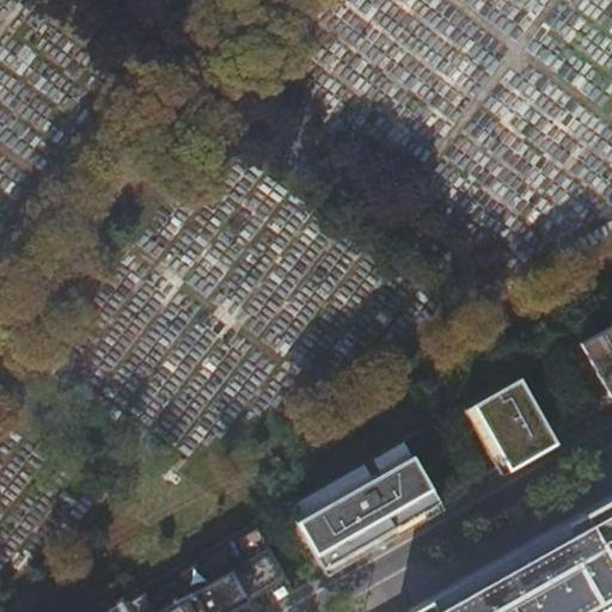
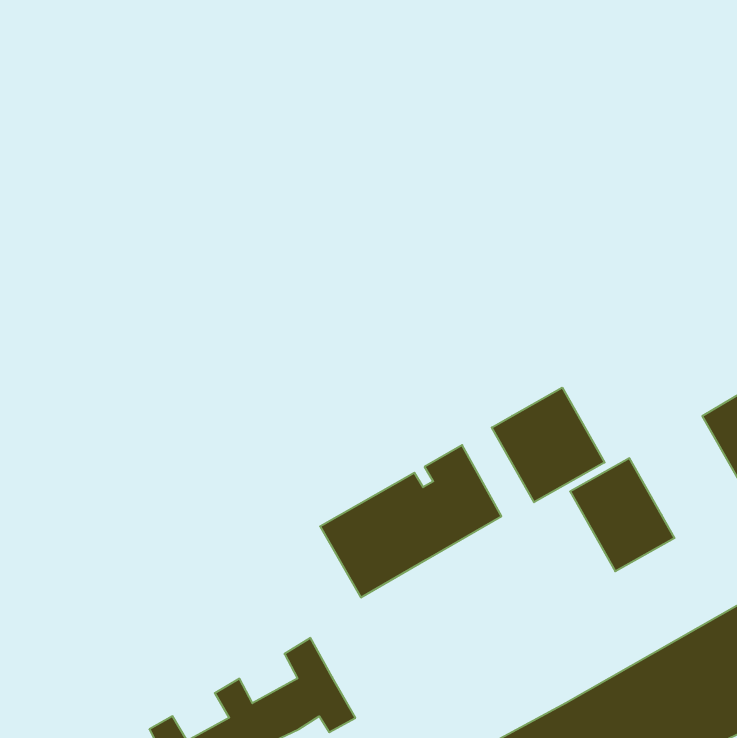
building: none -> [492,388,605,502]
building: [290,445,440,570] -> [320,445,501,597]

